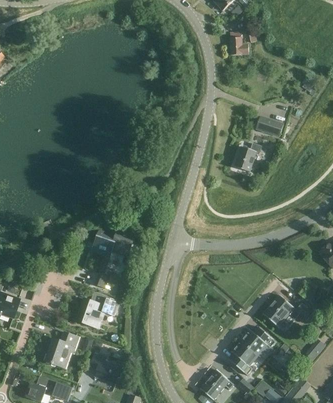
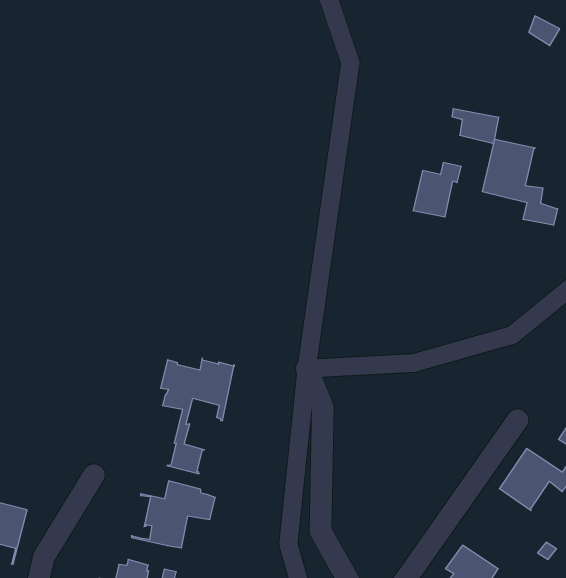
building: none -> [483,139,557,225]
building: [241,327,276,355] -> none

